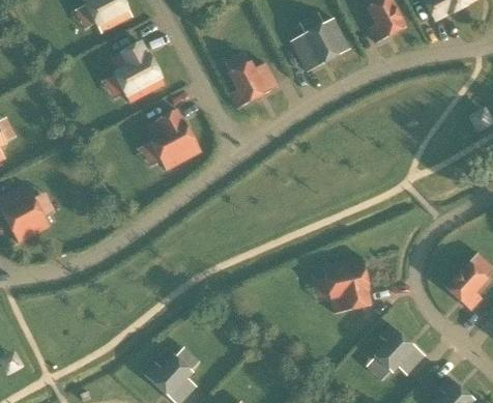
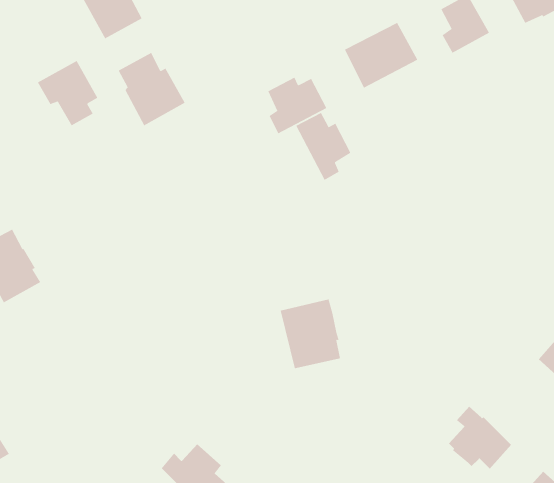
building: none -> [37,60,98,126]
building: none -> [296,112,351,181]
building: [147,109,201,170] -> none
building: [323,257,372,313] -> [280,299,341,369]

